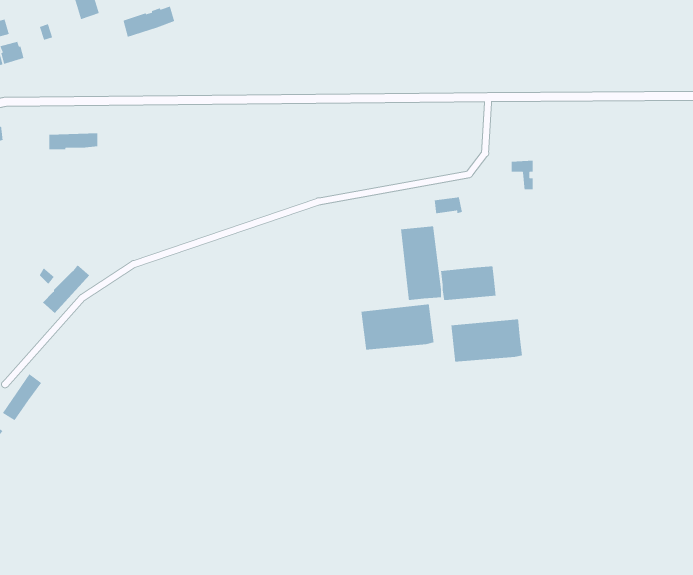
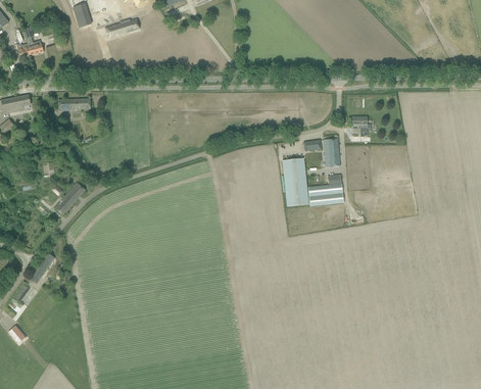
building: none -> [324,137,339,165]
building: [360,304,434,351] -> none
building: [451,318,523,362] -> none

